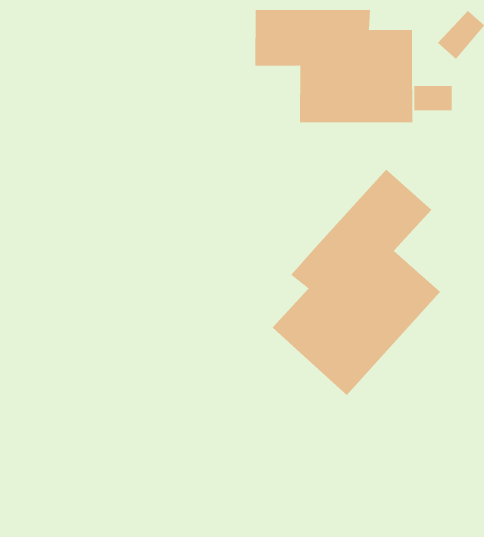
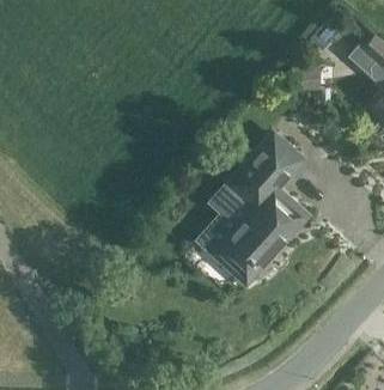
building: [255,9,413,123] -> none

